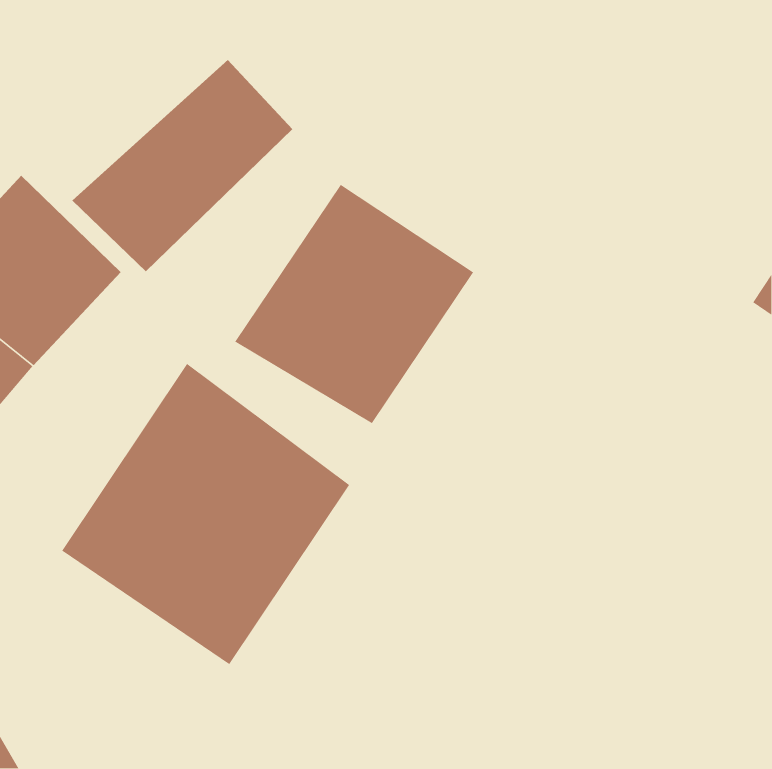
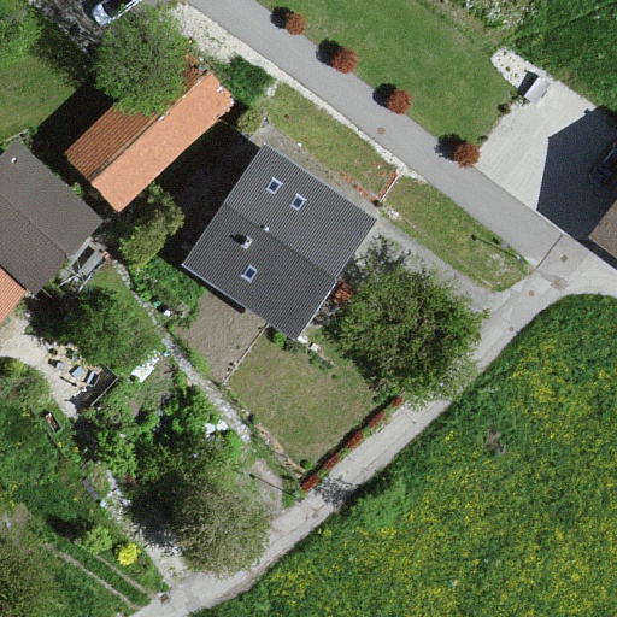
building: [61,363,350,665] -> none

